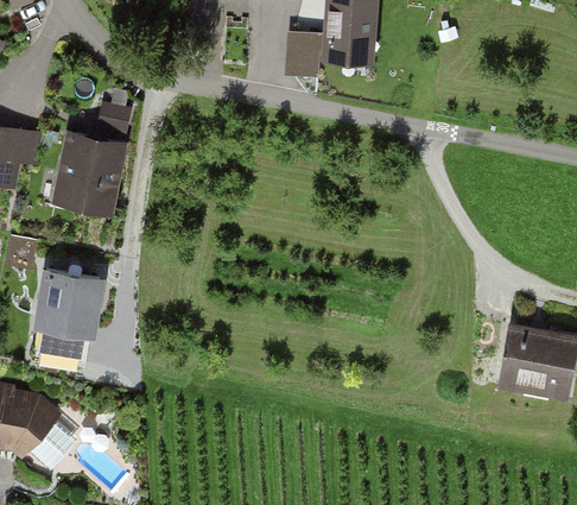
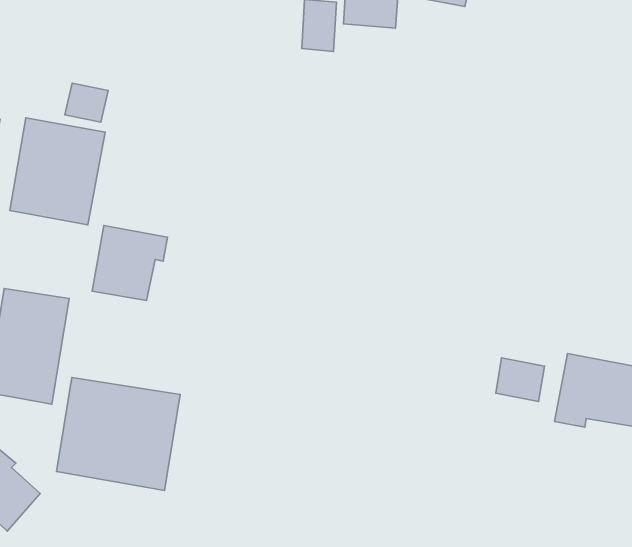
building: none -> [92,225,167,301]
building: none -> [496,358,545,402]
building: none -> [57,377,180,490]

